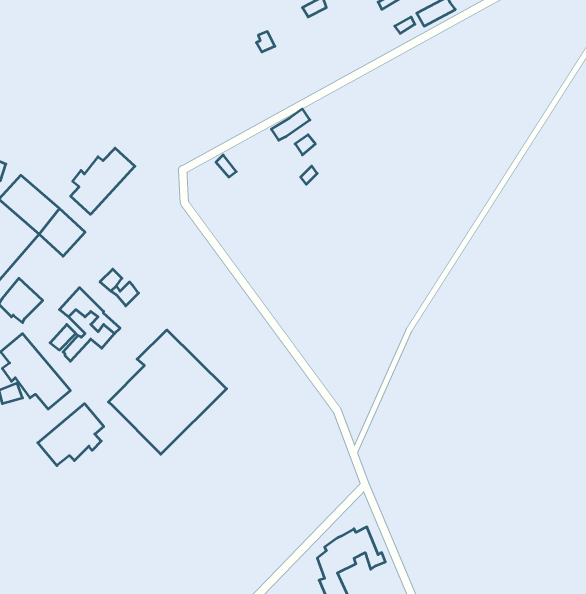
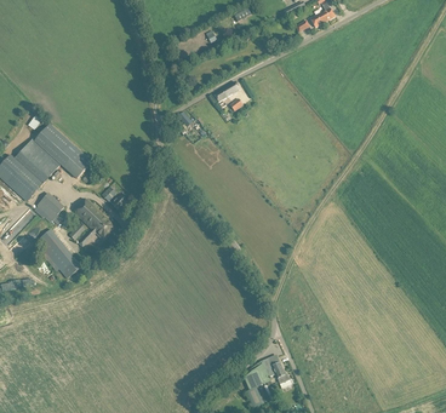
building: [71,148,135,214] -> none
building: [108,330,227,454] -> none
building: [38,404,104,466] -> none

